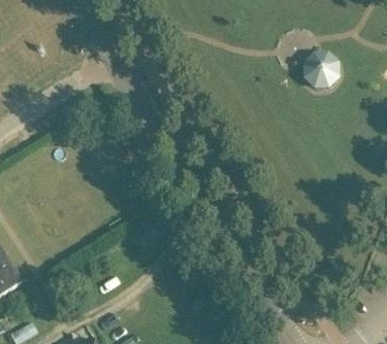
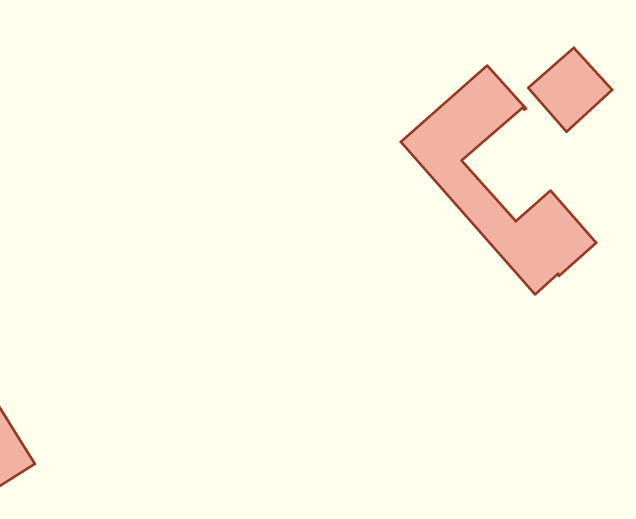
building: none -> [401,66,596,294]

